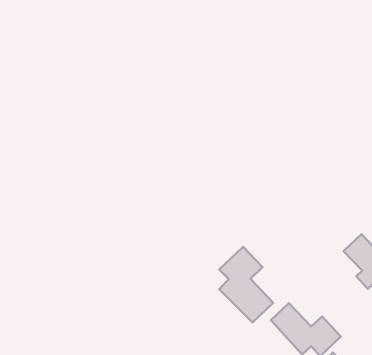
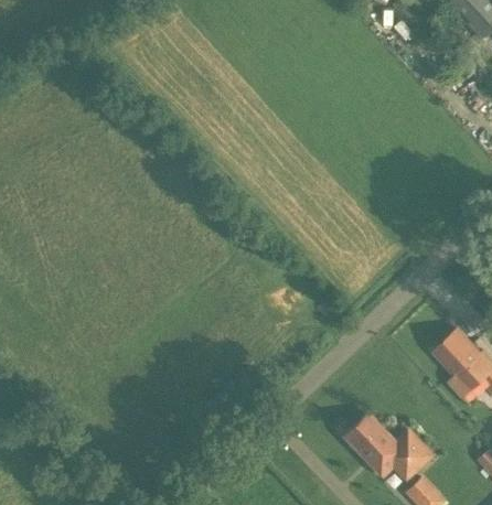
building: [219,247,273,323] -> none

